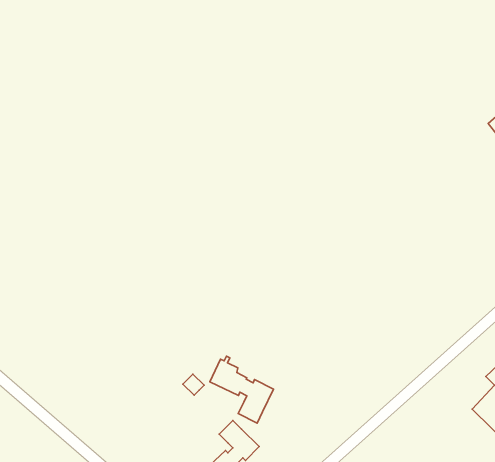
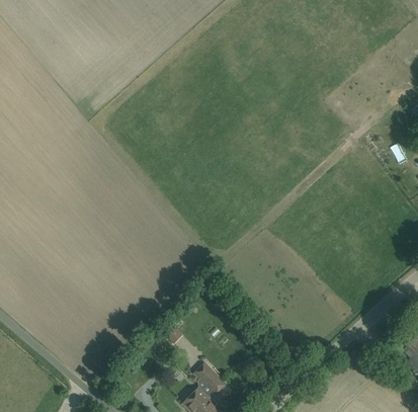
building: [210,356,273,423] -> none

